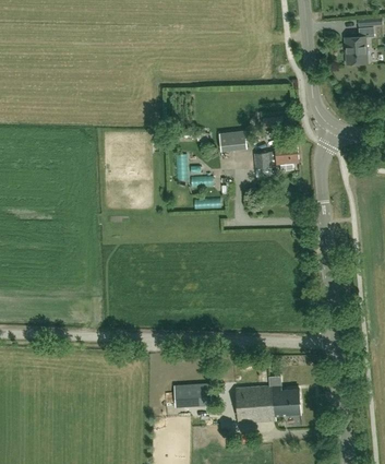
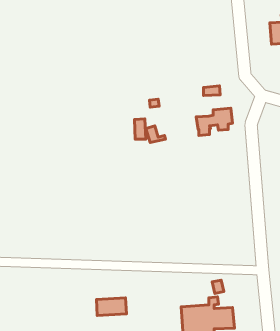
building: [218,130,246,152] -> none
building: [173,384,210,406] -> [96,298,127,315]

